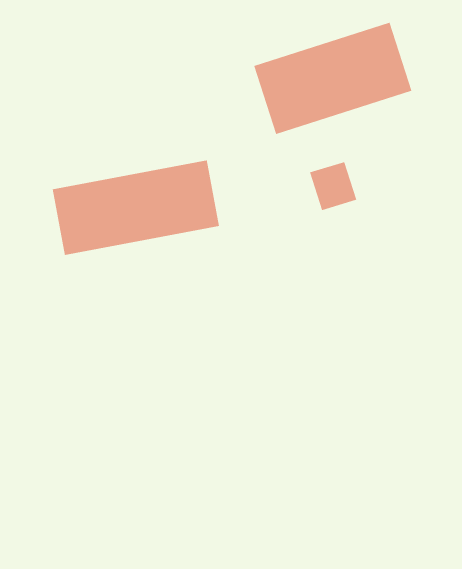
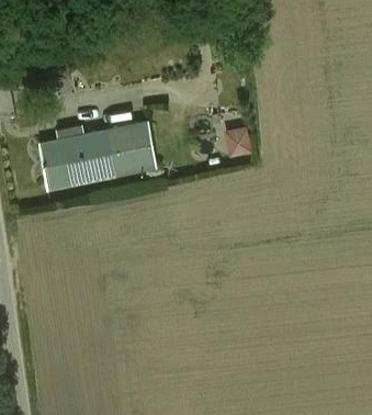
building: [254,22,412,135] -> none

